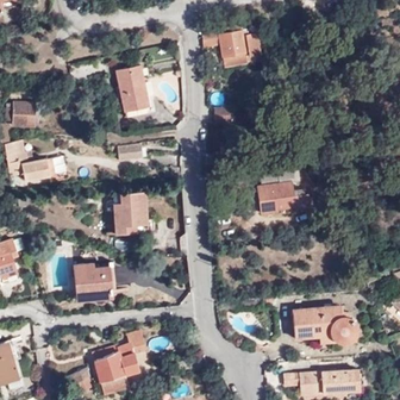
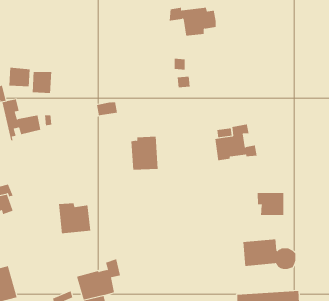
building: [118,65,149,112] -> none
building: none -> [32,71,52,94]
building: [113,193,146,233] -> [131,136,158,170]
building: none -> [257,192,284,216]

